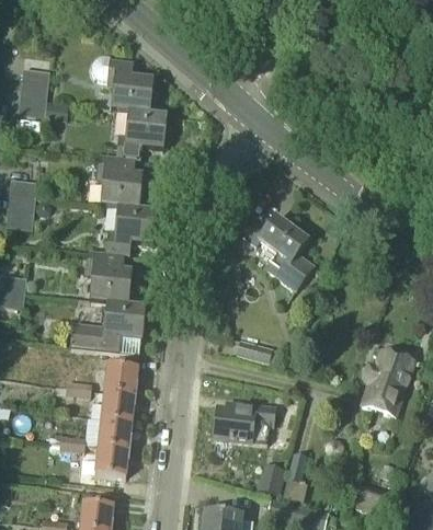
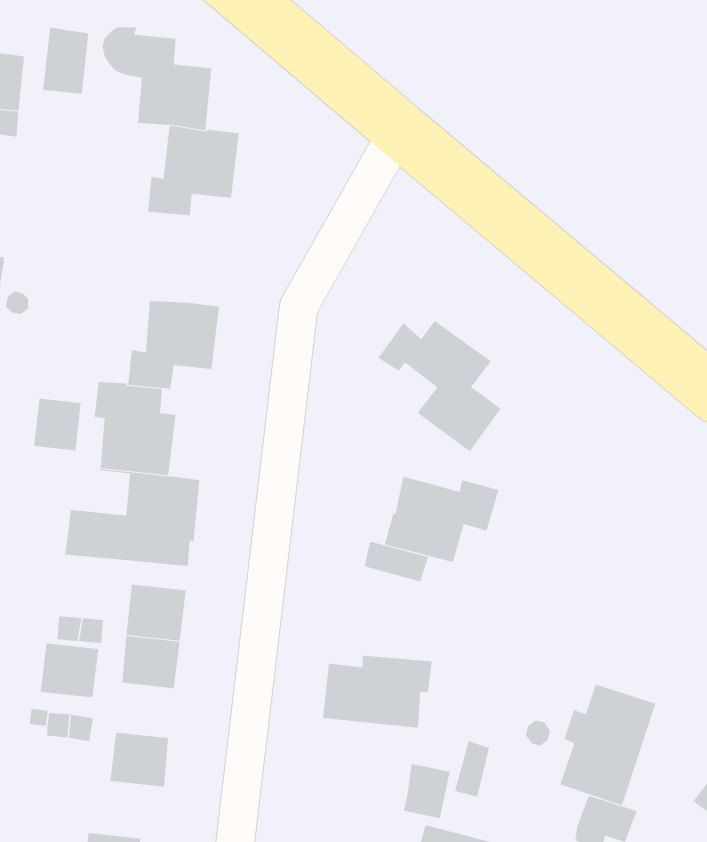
building: none -> [43,27,89,94]
building: [96,154,143,207] -> none
building: none -> [34,398,81,451]
building: none -> [384,476,499,563]
building: [361,348,414,416] -> [560,684,656,806]
building: [99,418,132,449] -> [40,643,99,698]

